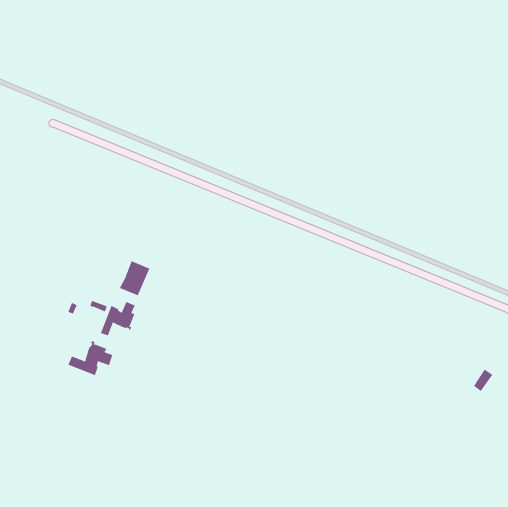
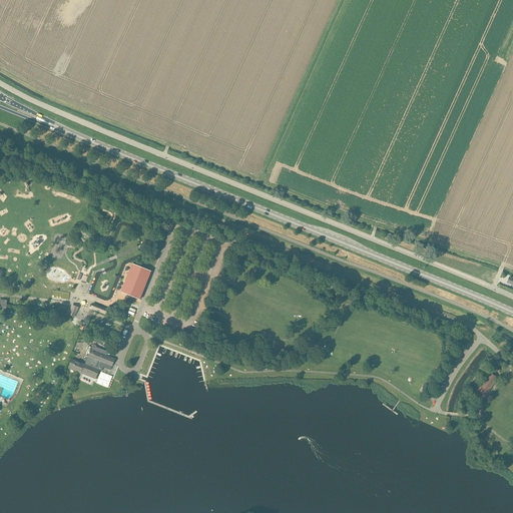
building: [100,301,135,336] -> none

